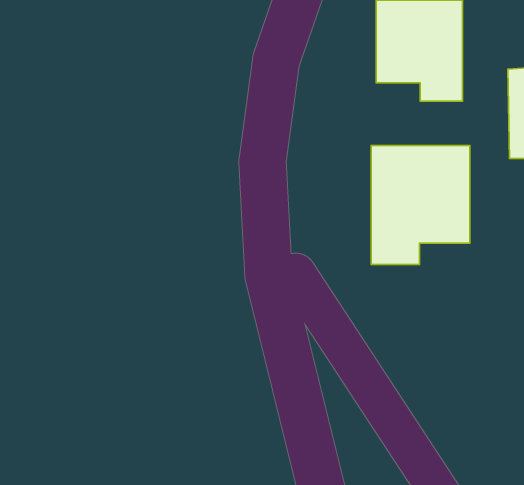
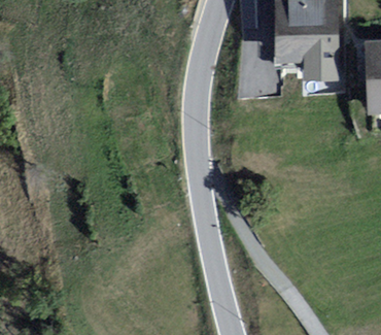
building: [371,145,470,264] -> none

